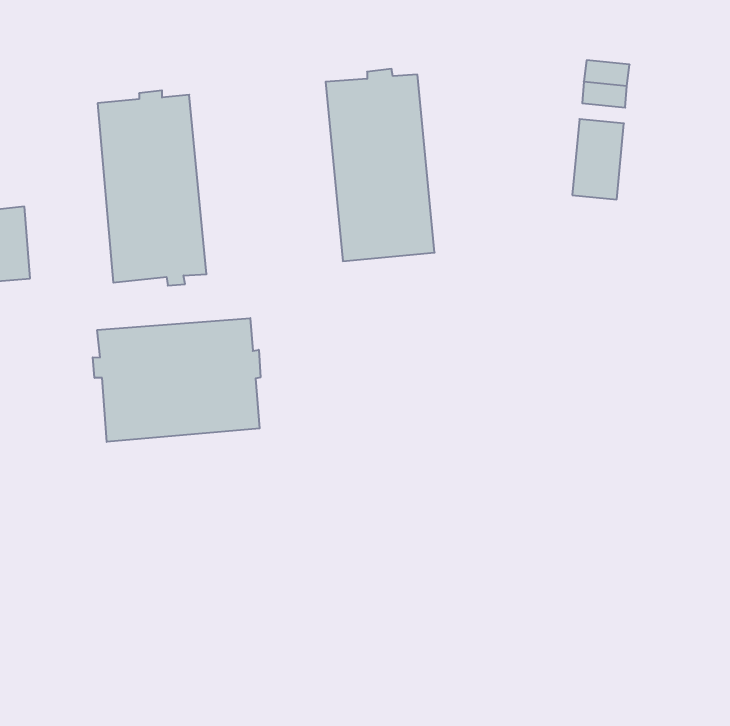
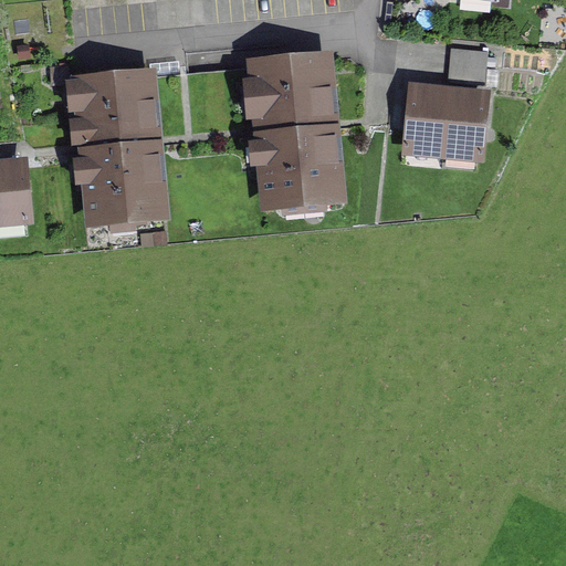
building: none -> [407,88,447,150]
building: [93,318,260,442] -> none

